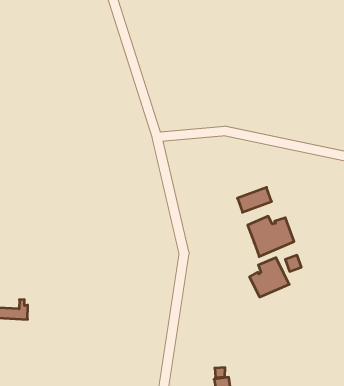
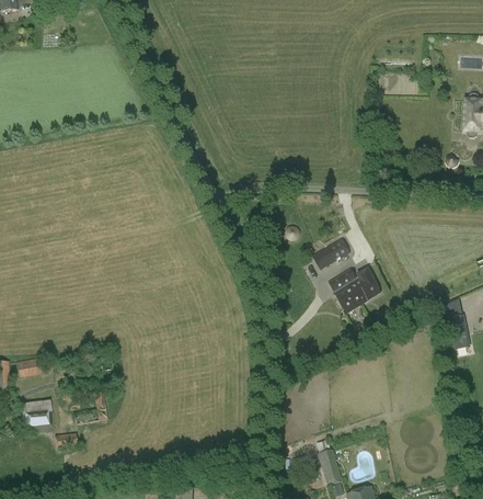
building: [250,258,289,297] -> none

